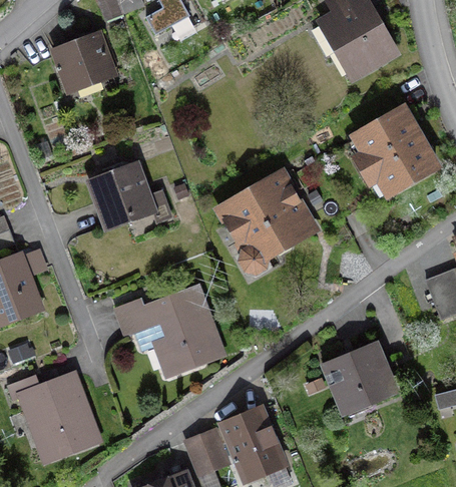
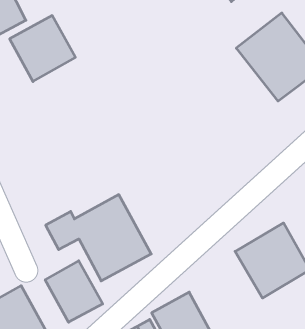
building: [86,163,157,234] -> [10,16,75,82]
building: [211,164,324,273] -> none
building: none -> [45,261,103,322]

